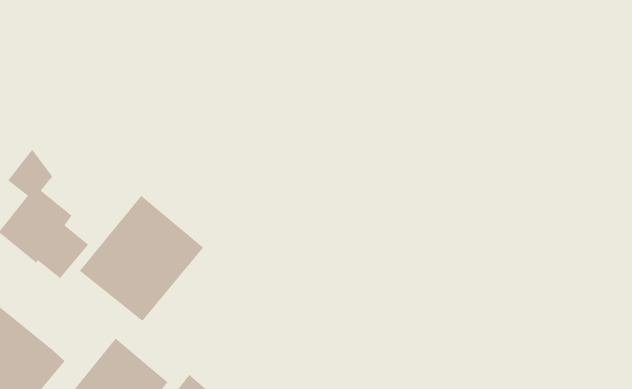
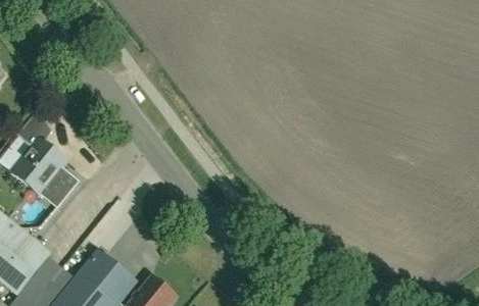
building: [79,195,204,322] -> none

